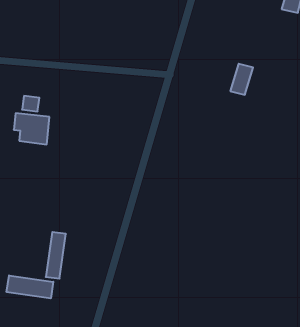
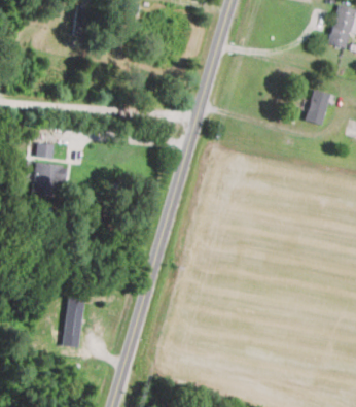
building: [230,64,253,95] -> [305,90,330,125]
building: [7,275,53,298] -> none

